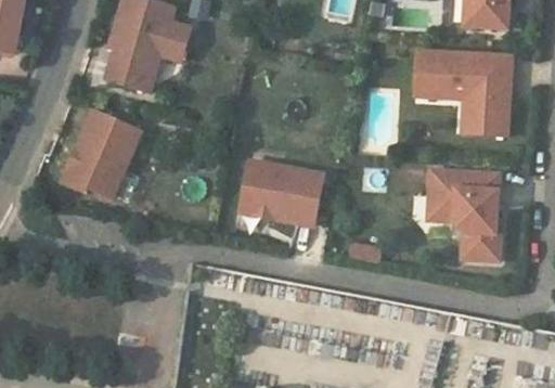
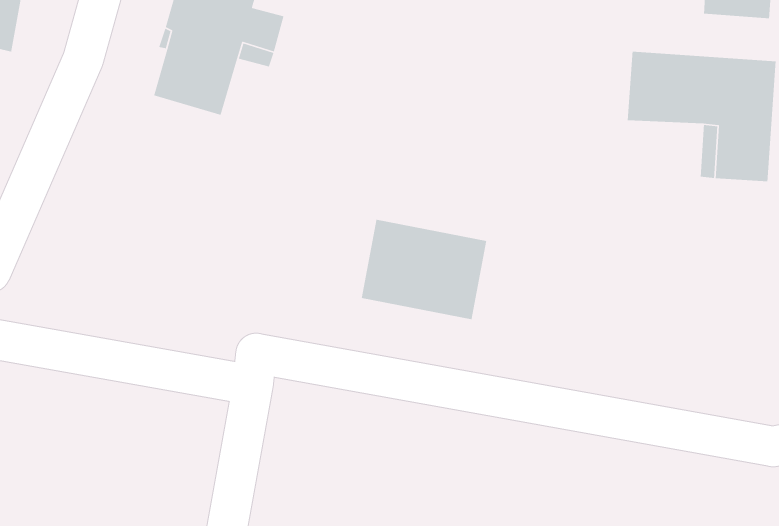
building: [61,111,140,198] -> none
building: [427,169,500,260] -> none

